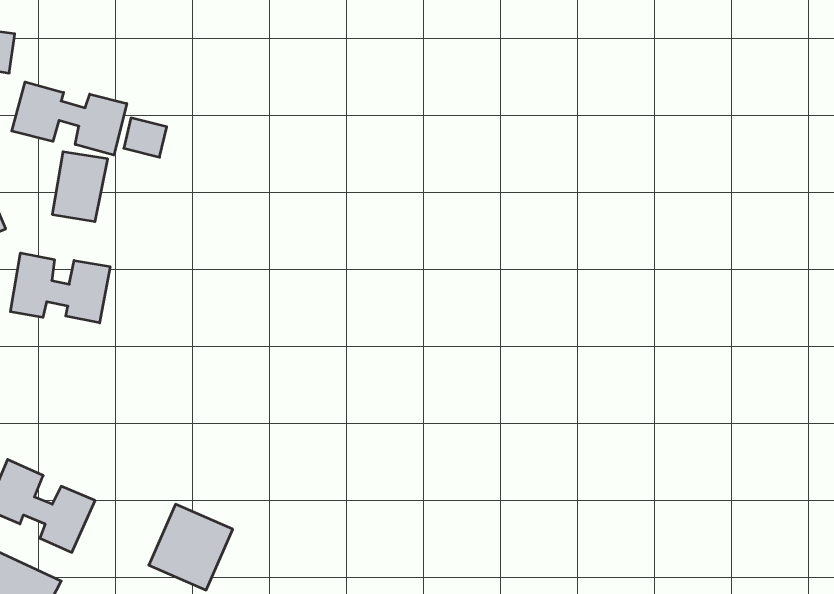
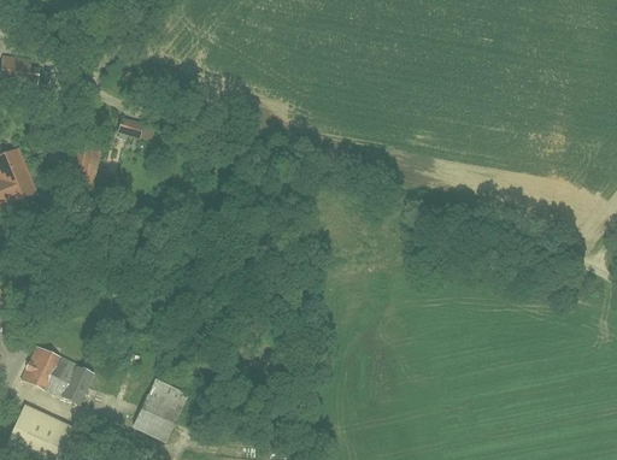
building: [12,82,127,155] -> none
building: [10,253,110,323] -> none

